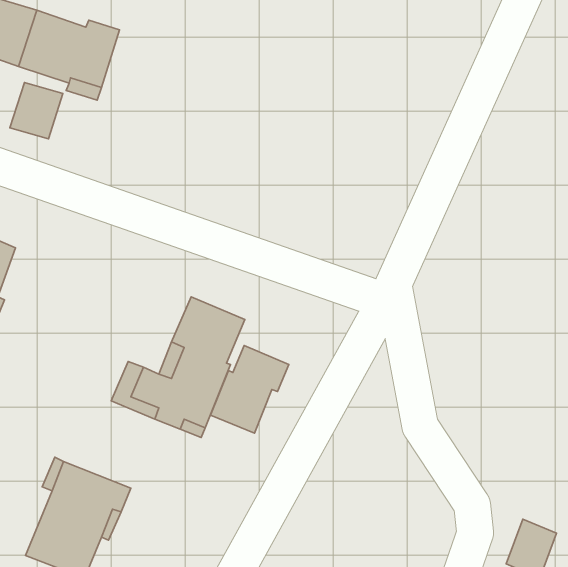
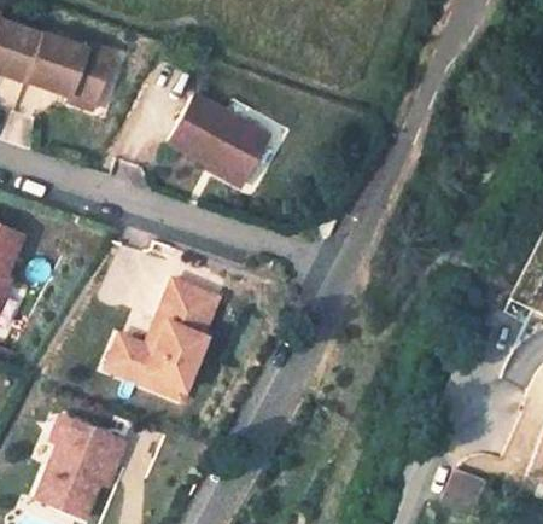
building: [10,83,63,139] -> none
building: none -> [167,98,268,186]
building: [210,346,289,433] -> none

